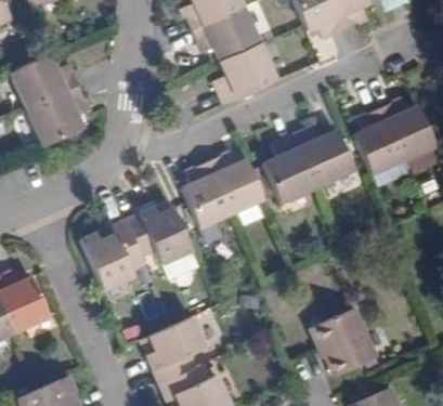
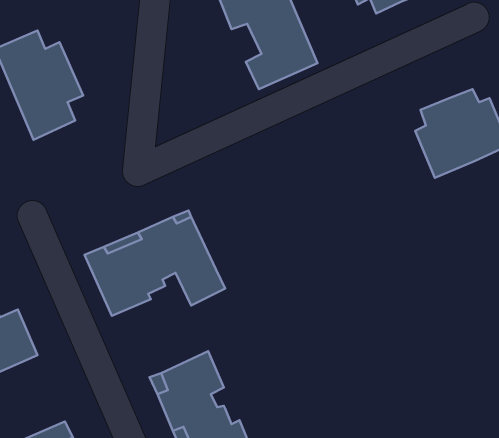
building: [265,125,356,199] -> none
building: [184,150,265,224] -> none
building: [312,313,374,378] -> none

